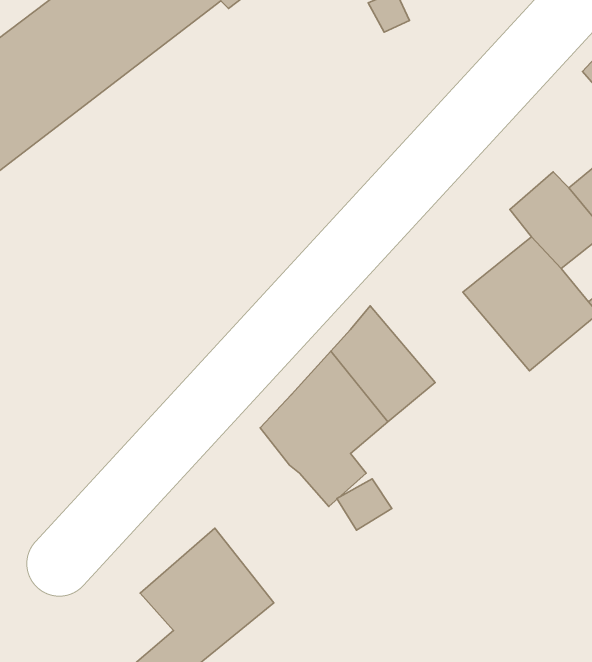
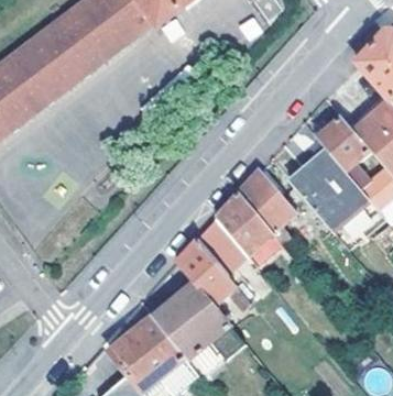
building: none -> [238,167,310,263]
building: none -> [151,279,243,359]

